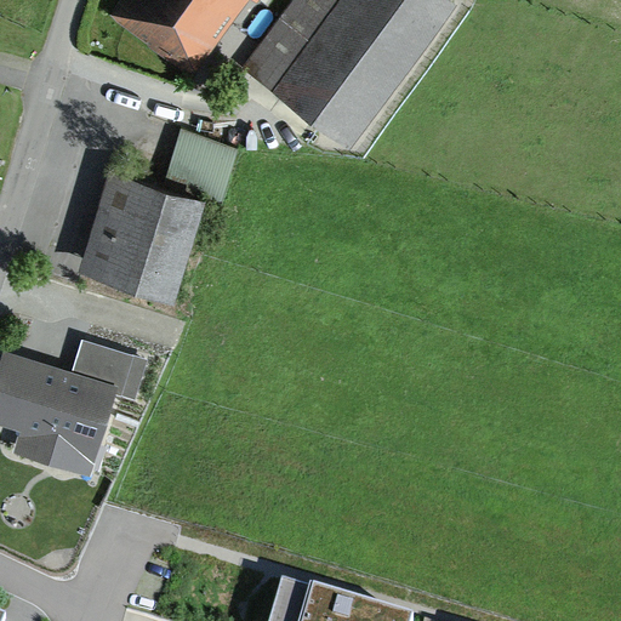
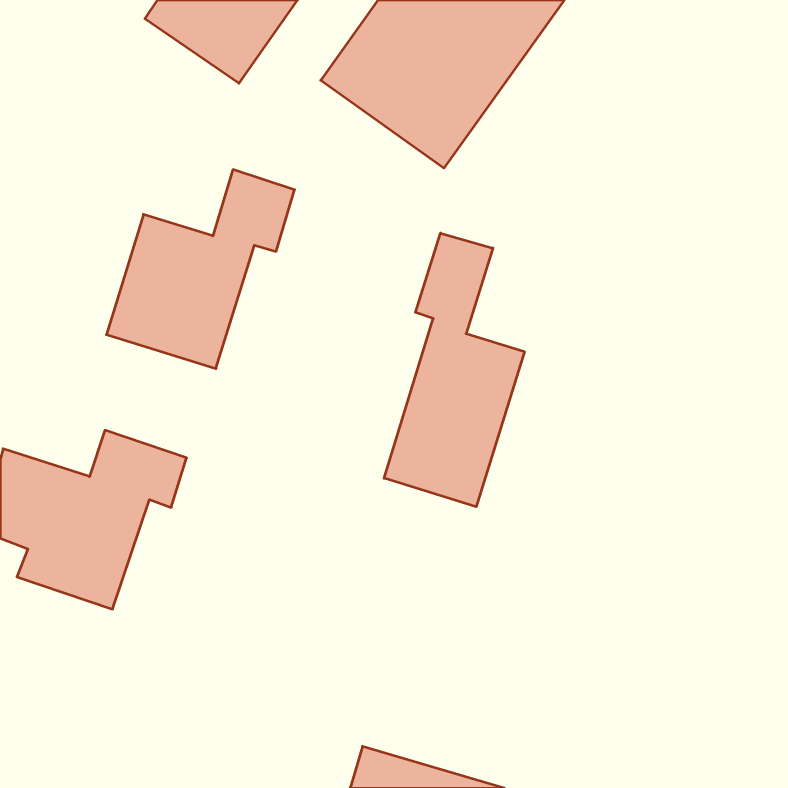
building: none -> [384,233,524,507]

